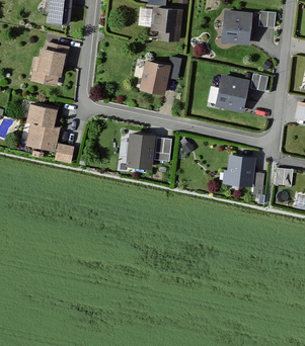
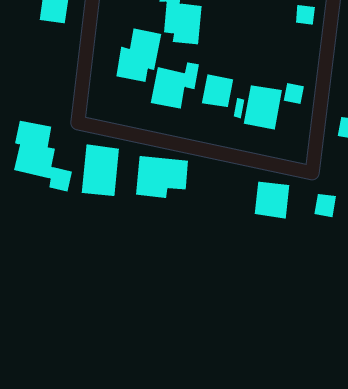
building: [220,9,251,45] -> none
building: [29,40,68,86] -> [116,28,162,83]
building: none -> [201,74,234,108]
building: none -> [81,143,120,197]

